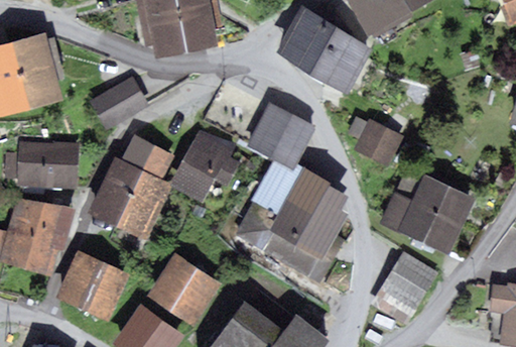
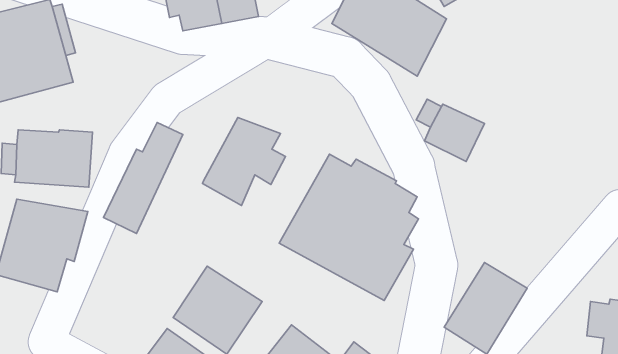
building: [89,76,149,129] -> none
building: [246,101,315,170] -> none
building: [116,144,173,239] -> none
building: [380,172,477,254] -> none
building: [55,249,129,320] -> none

